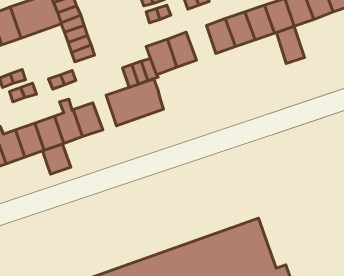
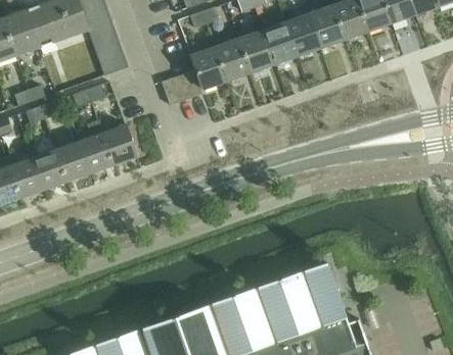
building: none -> [238,32,274,73]
building: [277,27,304,64] -> none
building: [106,79,164,126] -> none
building: [43,144,71,174] -> none

